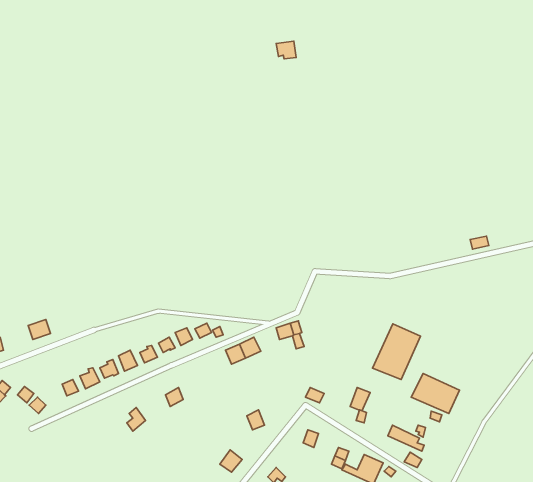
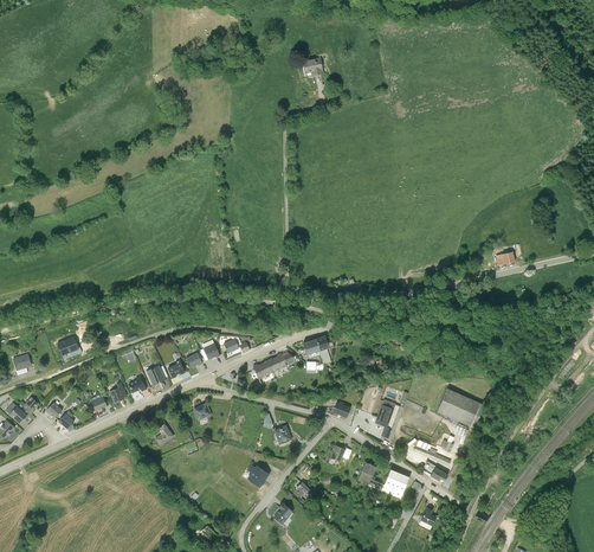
building: [372,324,420,380] -> none

